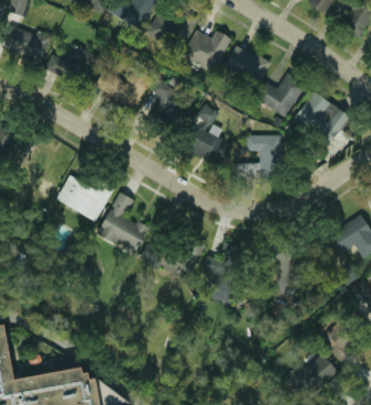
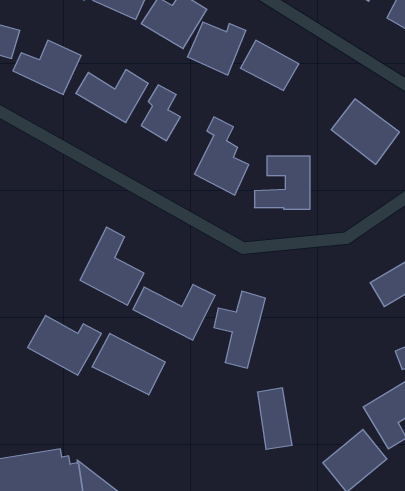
building: [254,74,305,117] -> none
building: [56,174,114,221] -> [28,315,101,375]
building: [273,248,301,296] -> [257,388,292,449]
building: none -> [92,333,165,395]

